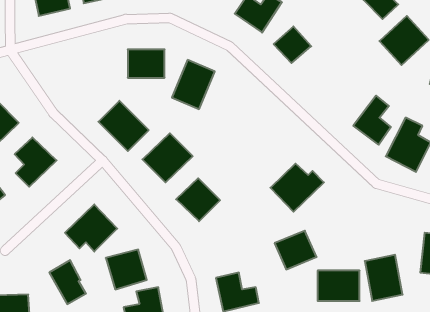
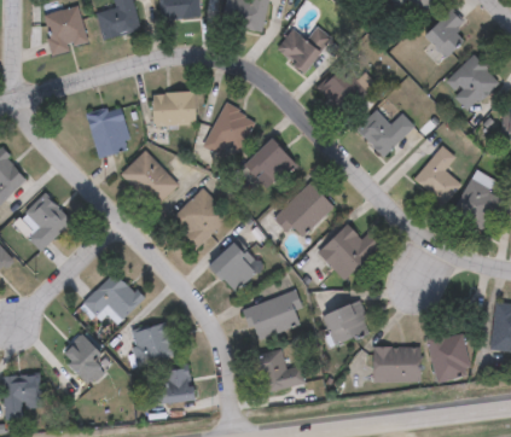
building: none -> [86,105,130,157]
building: none -> [355,110,413,157]
building: none -> [250,138,296,185]
building: none -> [274,180,336,241]
building: none -> [243,292,301,339]

